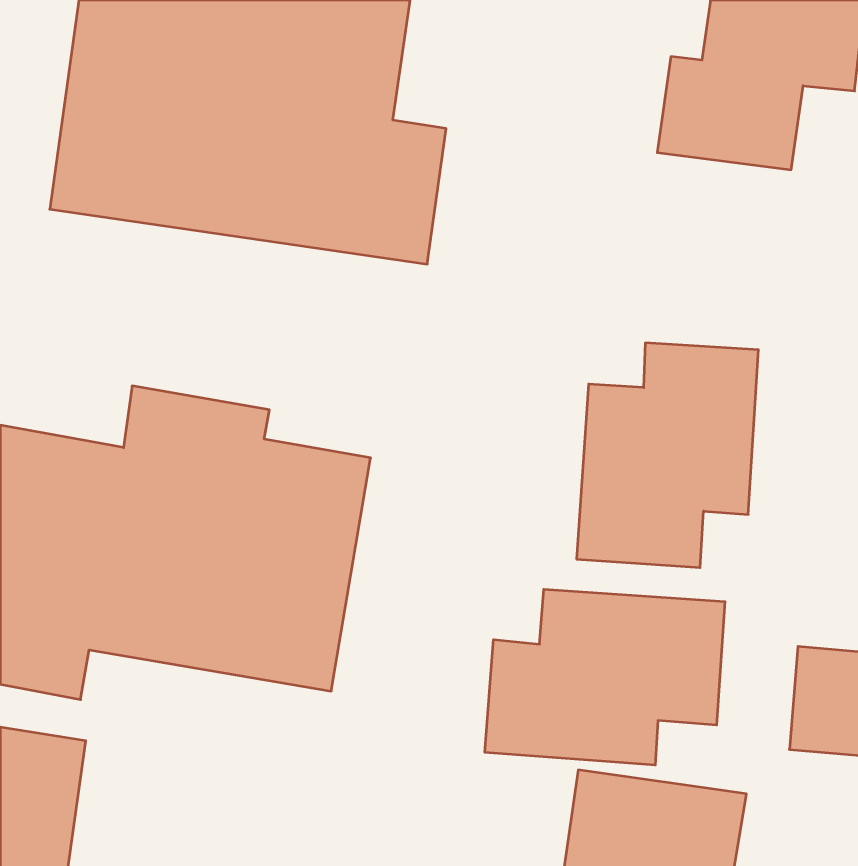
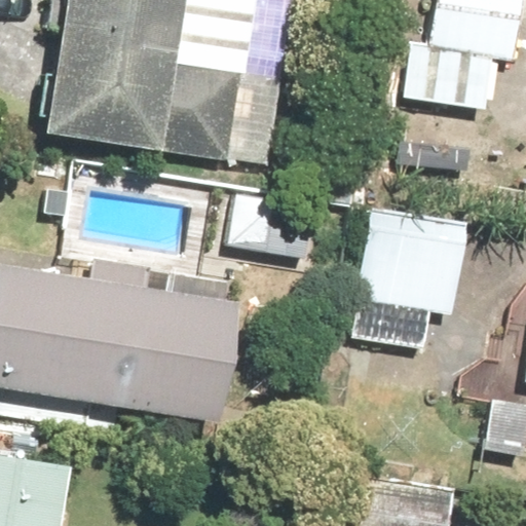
building: [485,589,725,765] -> none

